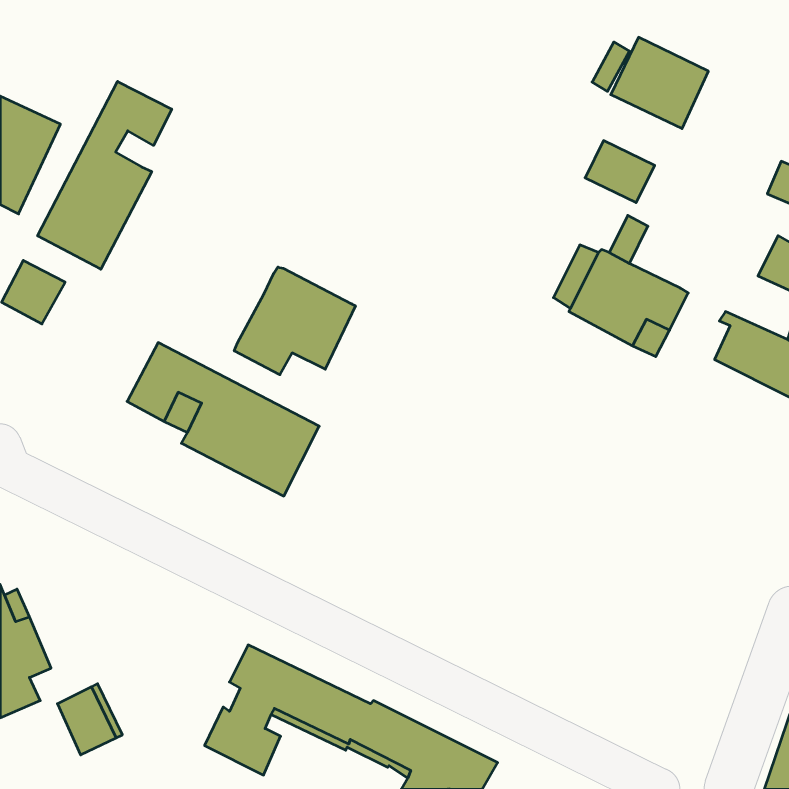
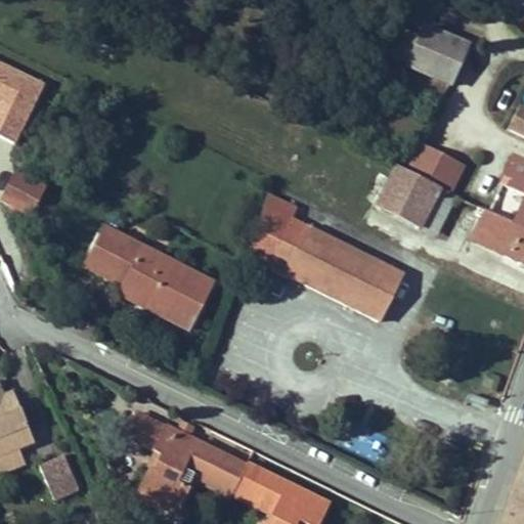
building: [38,81,172,269] -> none
building: [585,141,655,203] -> [418,149,464,190]
building: [234,267,355,375] -> none
building: none -> [248,191,403,319]

